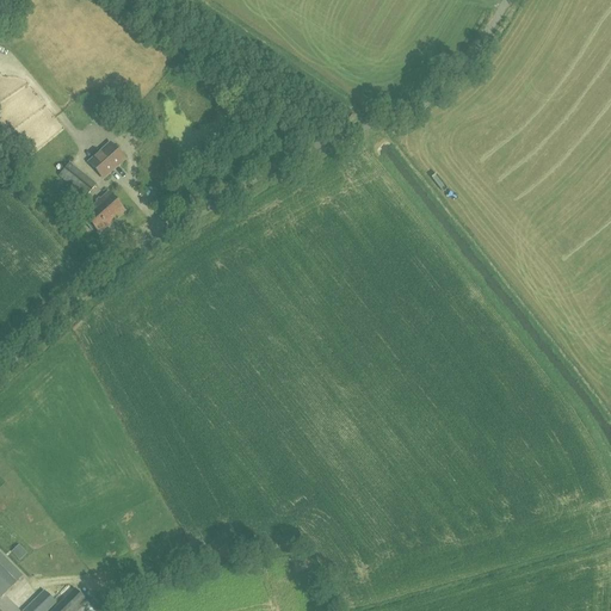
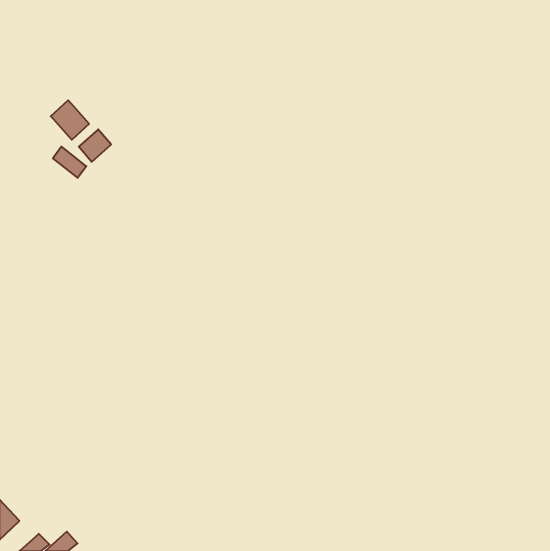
building: none -> [51,100,89,140]
building: [82,193,123,233] -> none

